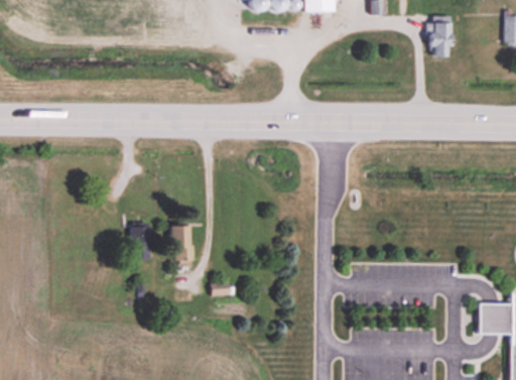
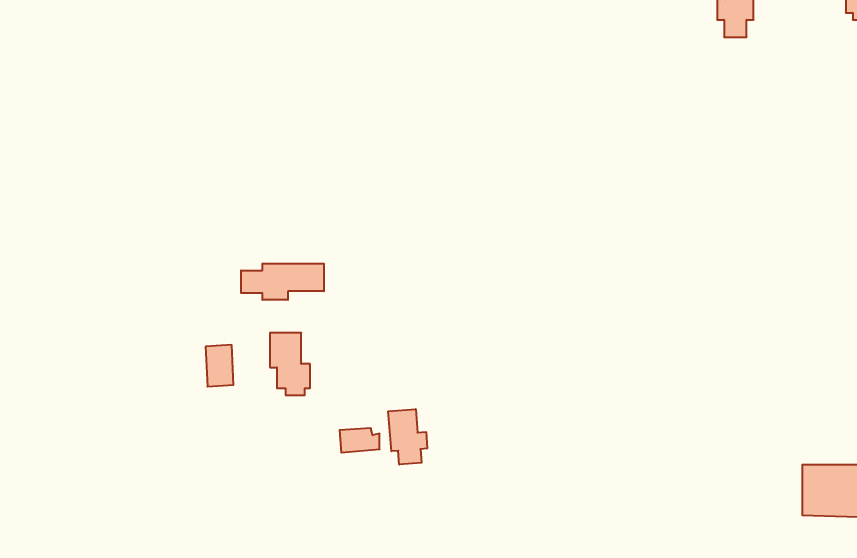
building: none -> [241,264,324,300]
building: none -> [388,409,427,465]

